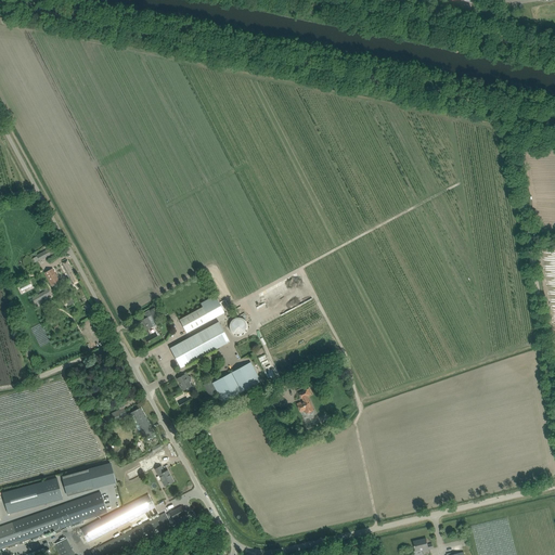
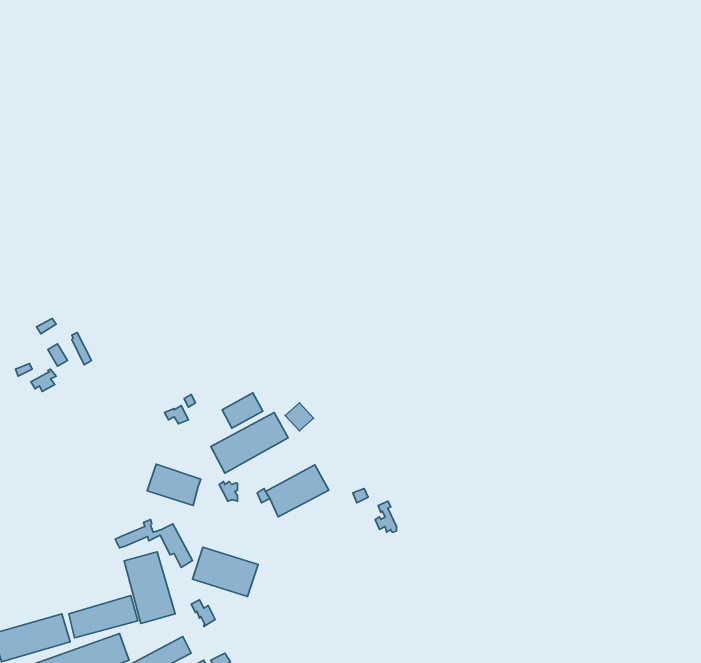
building: none -> [147,464,201,505]
building: none -> [192,547,258,597]
building: none -> [124,552,175,624]

